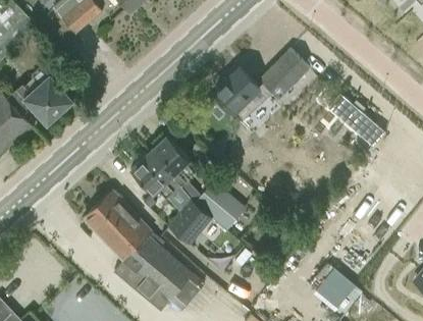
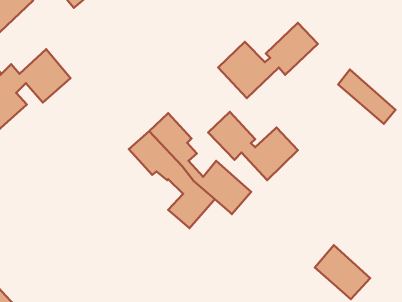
building: none -> [208,112,298,180]
building: [83,191,202,311] -> none

